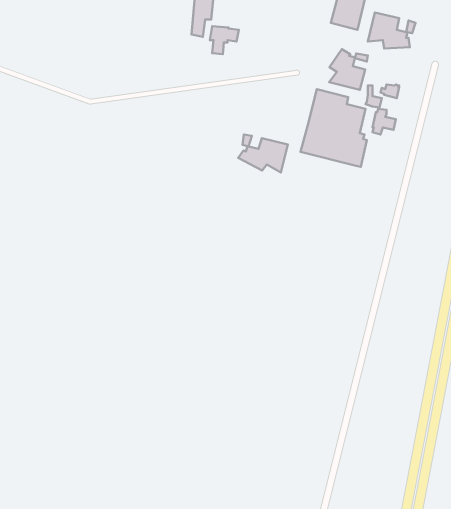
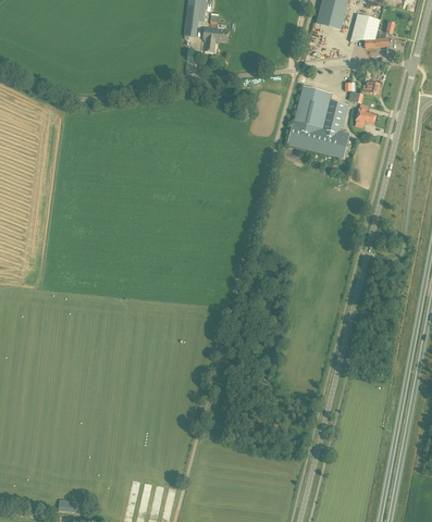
building: [329,49,368,90] -> none
building: [238,134,288,172] -> none

